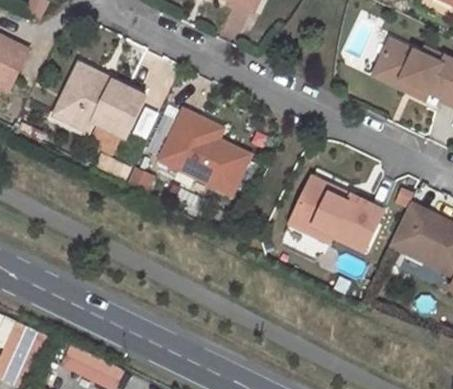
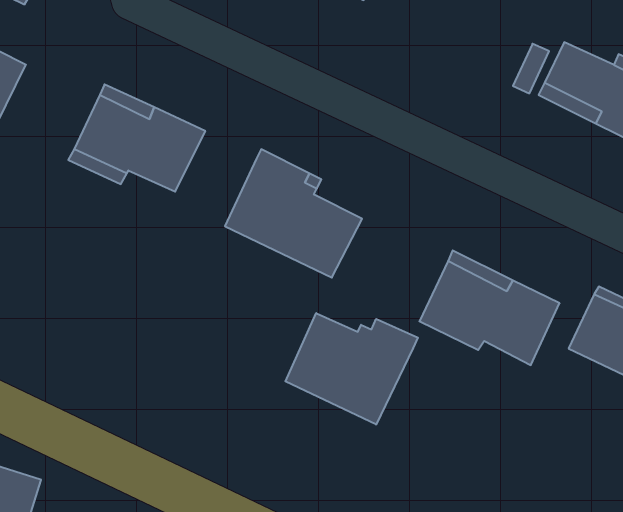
building: none -> [285,313,418,425]

